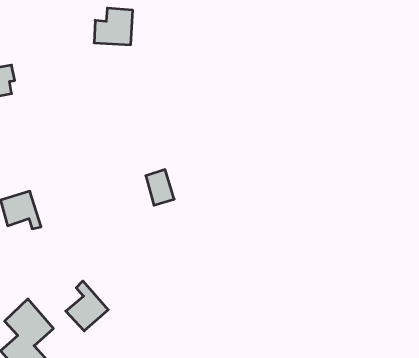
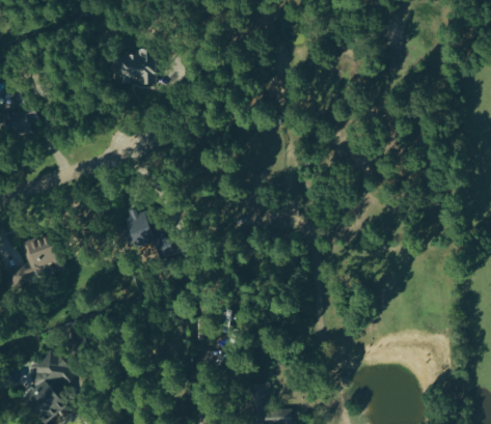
building: [146,170,174,205] -> [126,208,155,245]
building: [66,281,108,331] -> none

